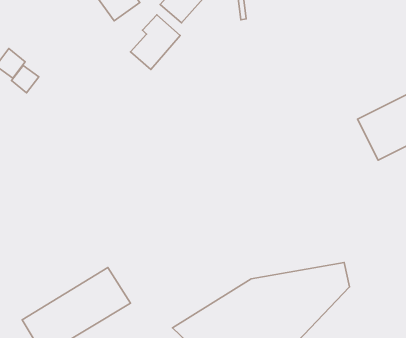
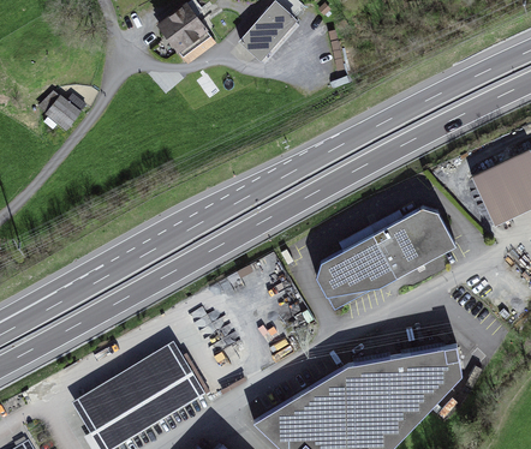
building: [131,15,180,69] -> none
building: [11,65,39,93] -> none
building: none -> [316,205,455,310]

